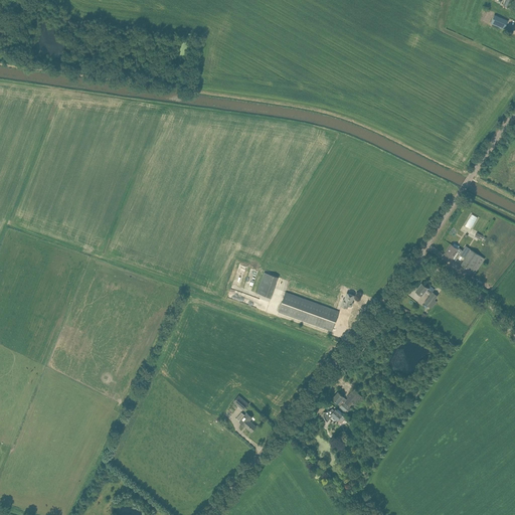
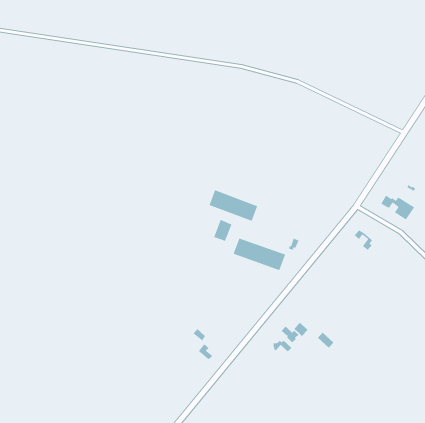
building: none -> [208,189,258,222]

